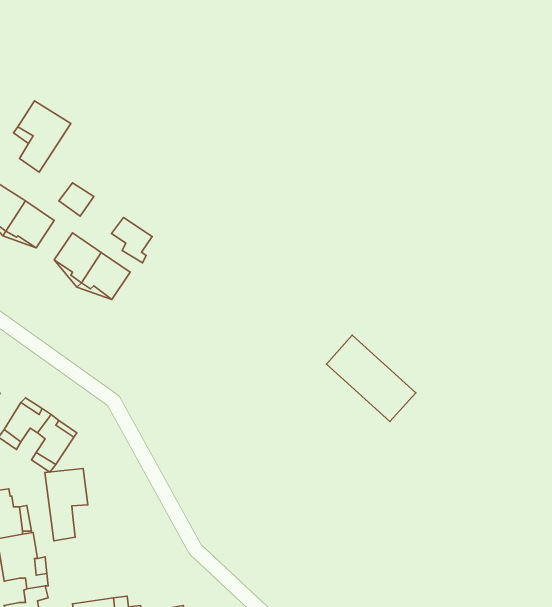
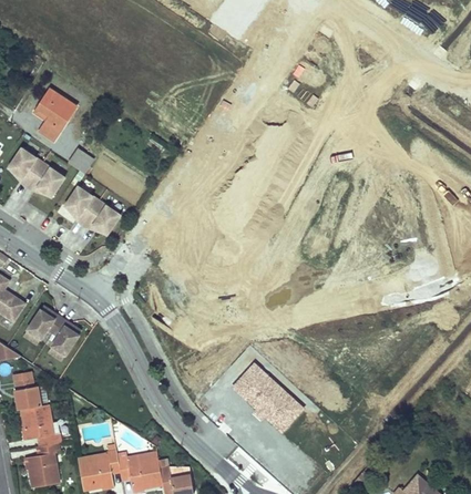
building: [112,217,152,263] -> none
building: [326,335,416,422] -> [234,366,299,429]
building: [45,469,88,541] -> none

